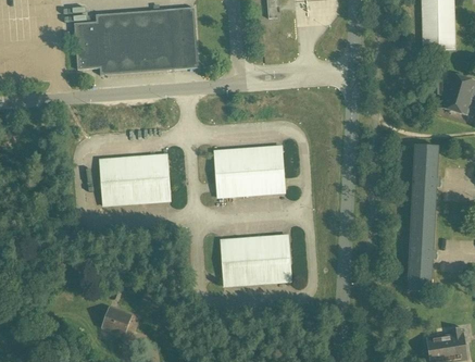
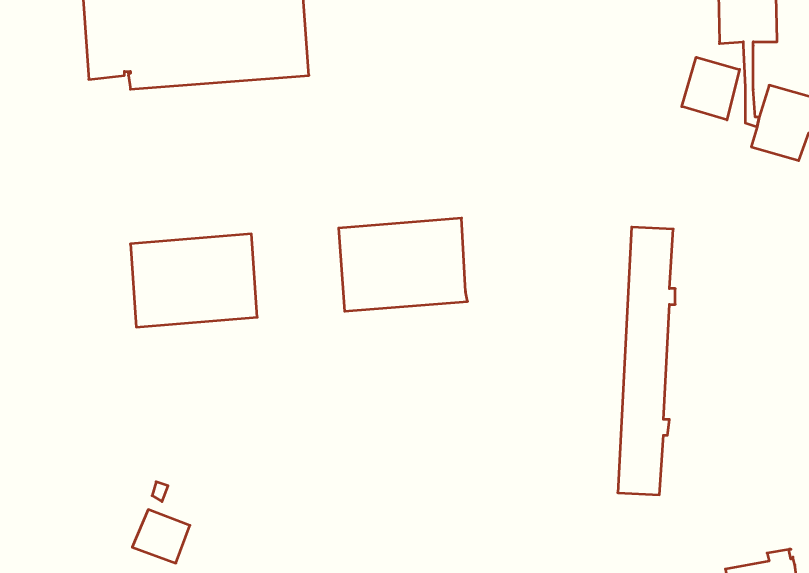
building: none -> [682,57,740,120]
building: [408,145,439,291] -> [618,227,675,495]
building: [221,235,290,286] -> none

